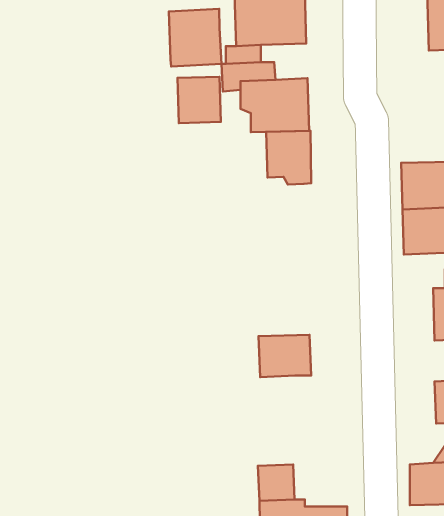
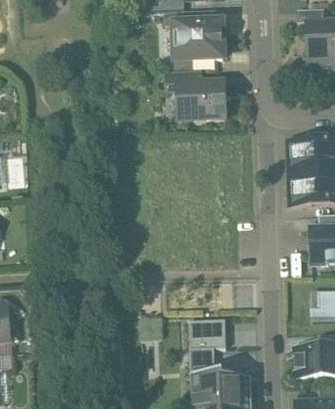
building: [169,9,222,66] -> none
building: [178,77,221,123] -> none
building: [266,131,311,185] -> none
building: [259,335,311,377] -> [189,322,225,351]

